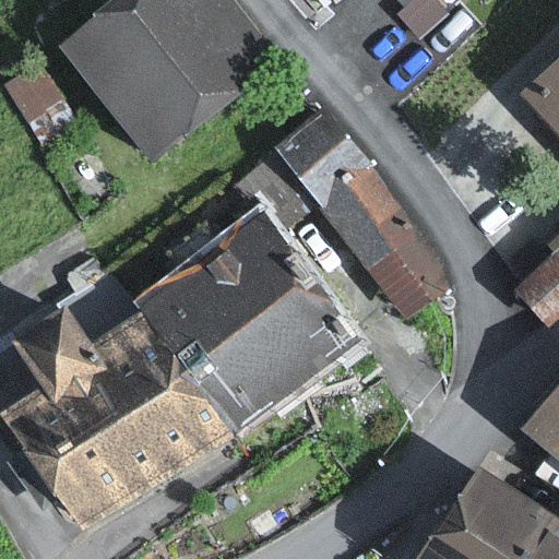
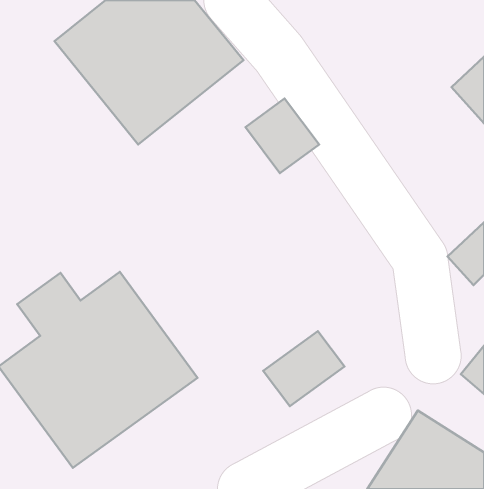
building: [319,165,435,309] -> none
building: [136,219,341,431] -> none
building: none -> [263,331,345,406]

